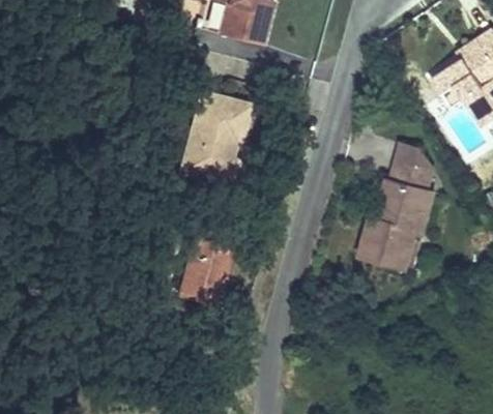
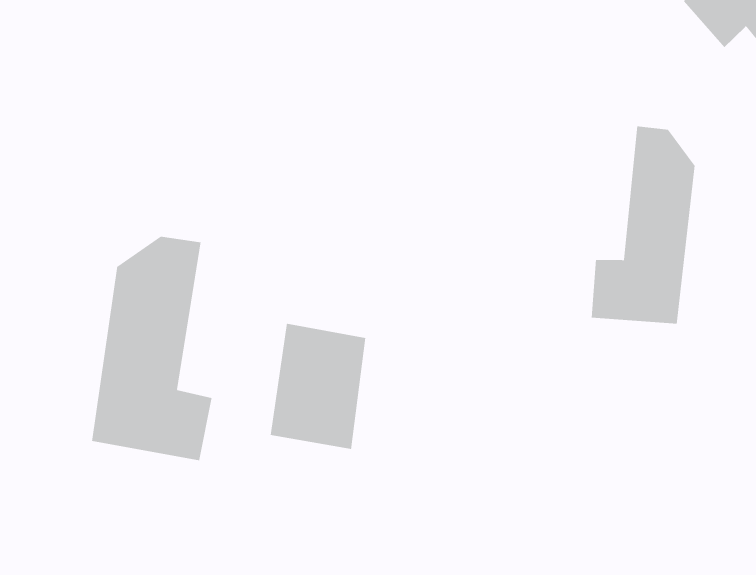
building: [181,87,251,181] -> none
building: none -> [91,236,212,461]

